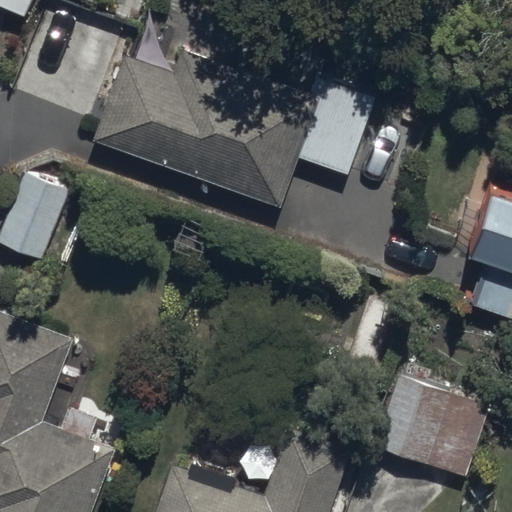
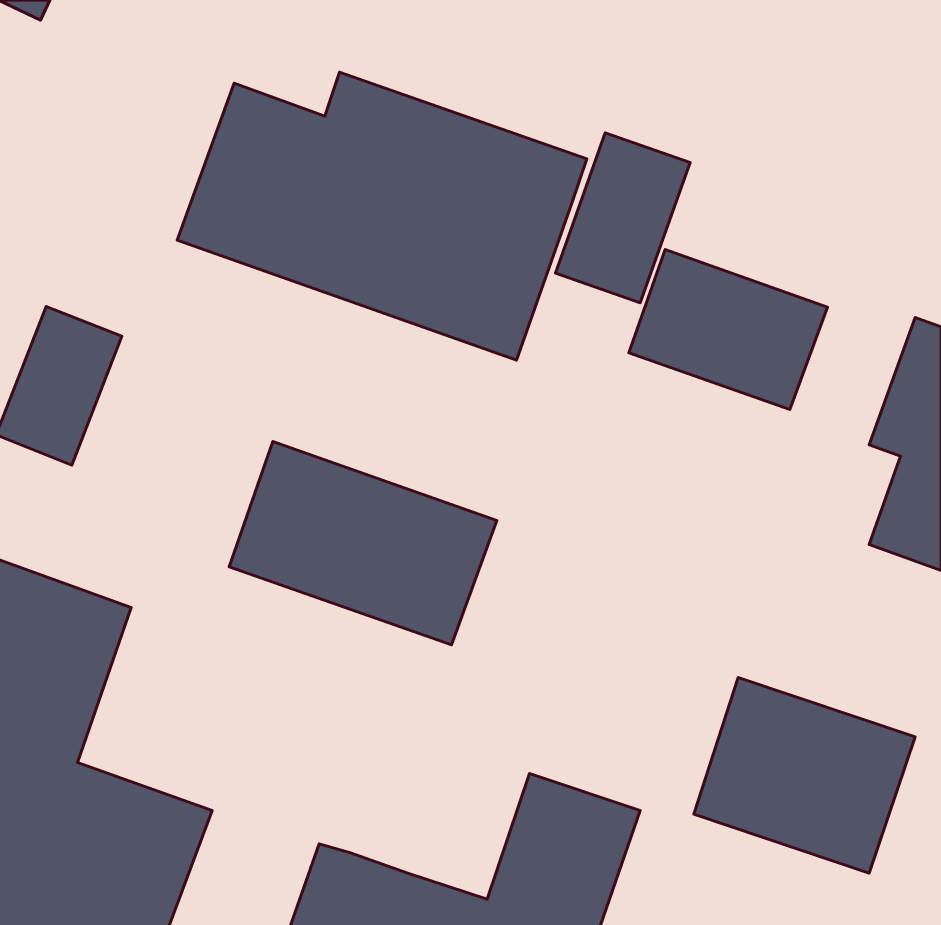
building: none -> [629,249,827,409]
building: none -> [229,441,497,645]

